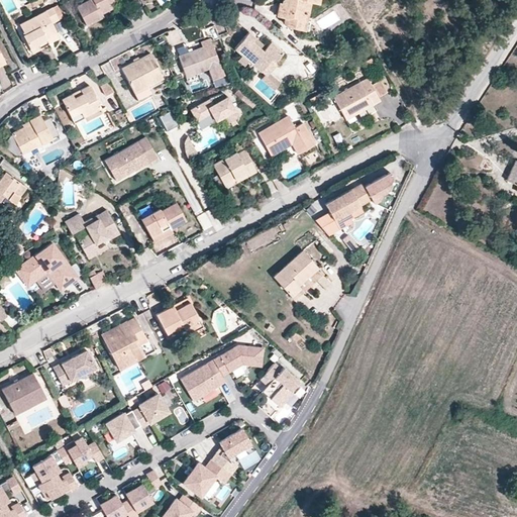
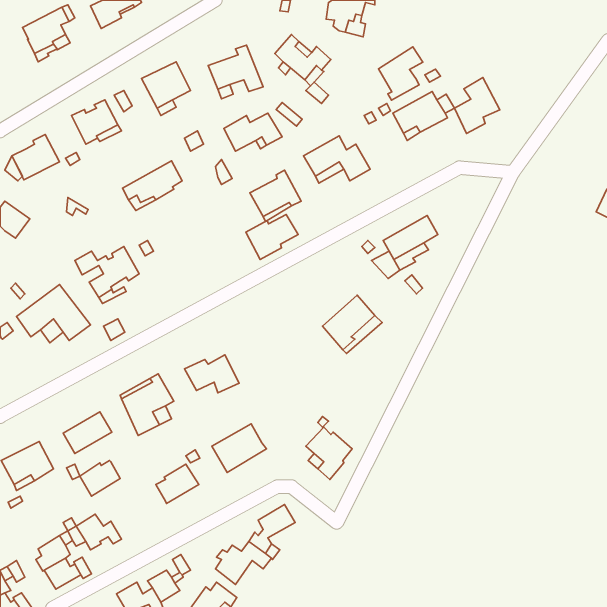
building: none -> [378,47,423,100]
building: none -> [455,78,500,134]
building: [365,173,392,203] -> none
building: [141,203,186,241] -> [246,214,298,260]
building: [214,345,265,377] -> none
building: [107,411,141,441] -> [80,461,120,496]

